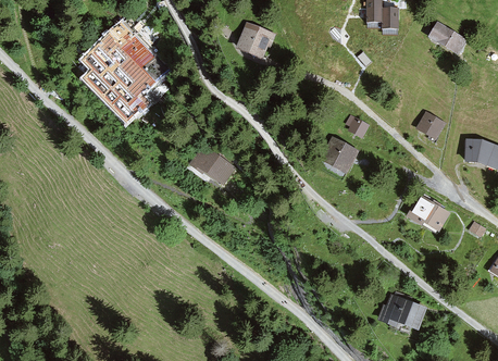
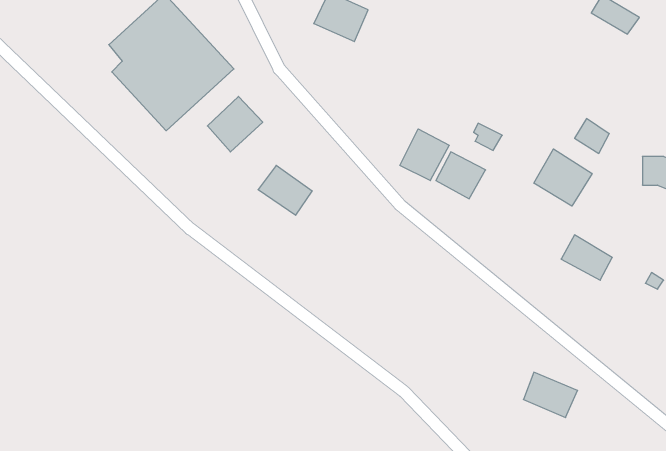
building: none -> [207,96,263,152]
building: none -> [400,129,449,181]
building: none -> [534,149,592,206]

